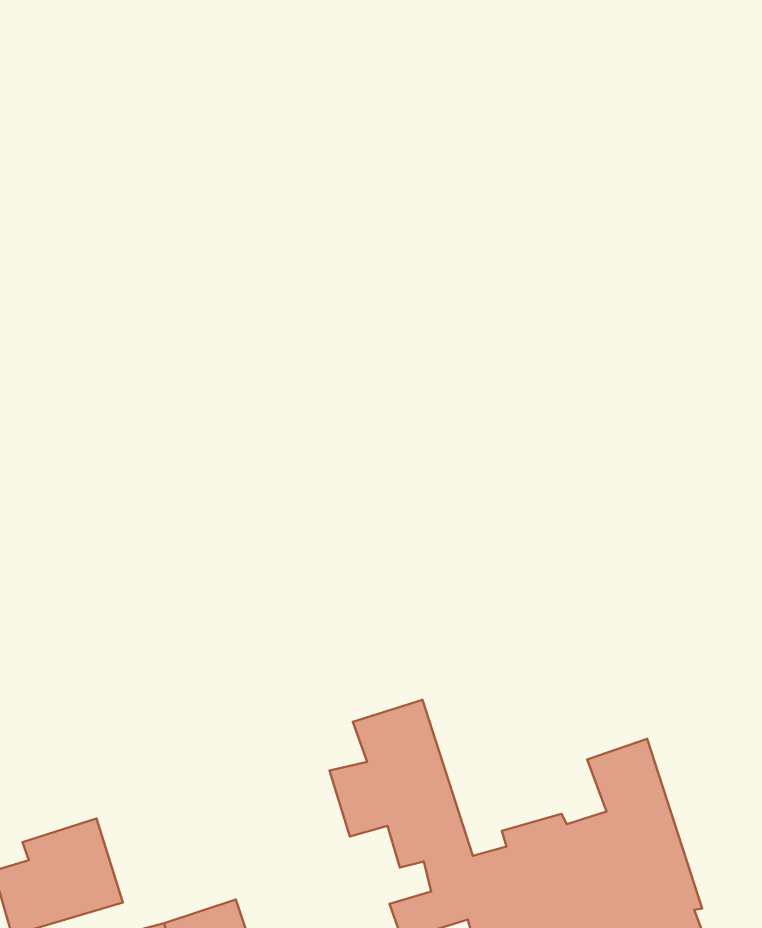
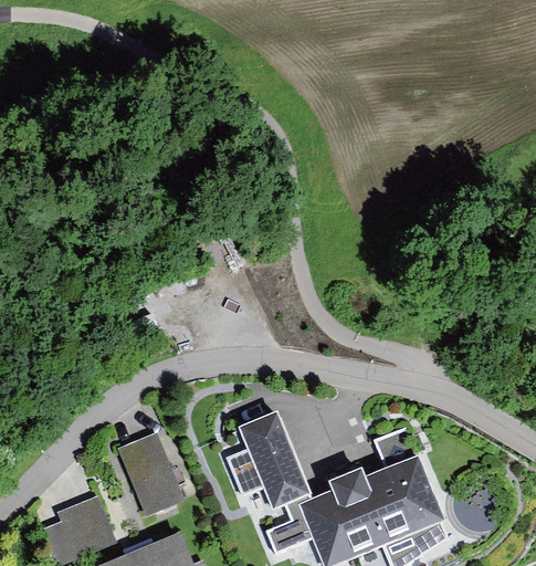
building: none -> [120,439,185,521]

